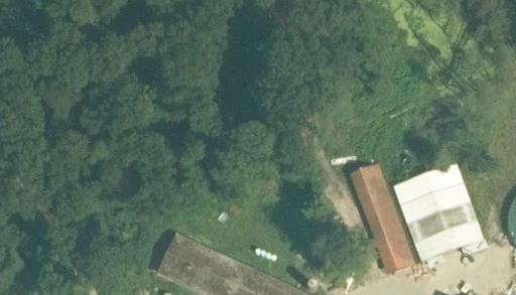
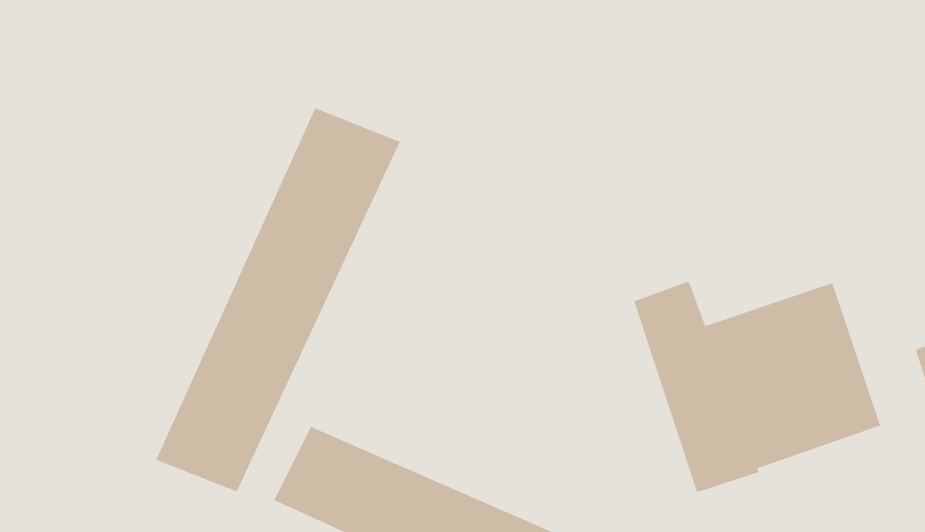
building: none -> [155,107,401,493]

